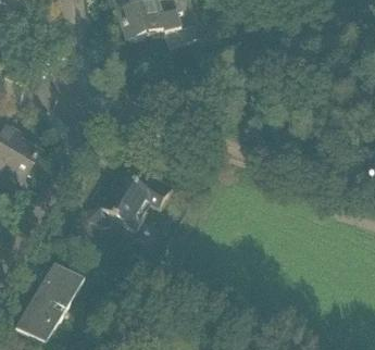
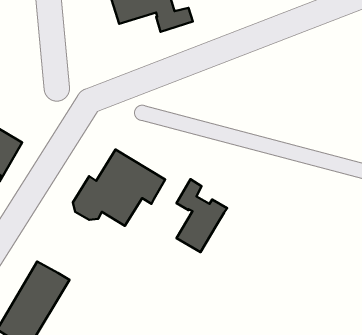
building: none -> [176,179,227,252]

